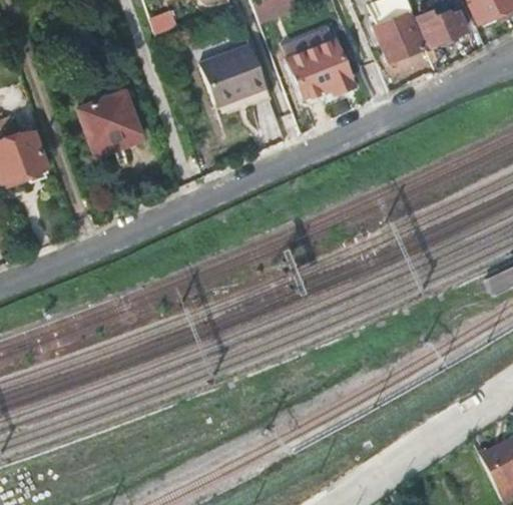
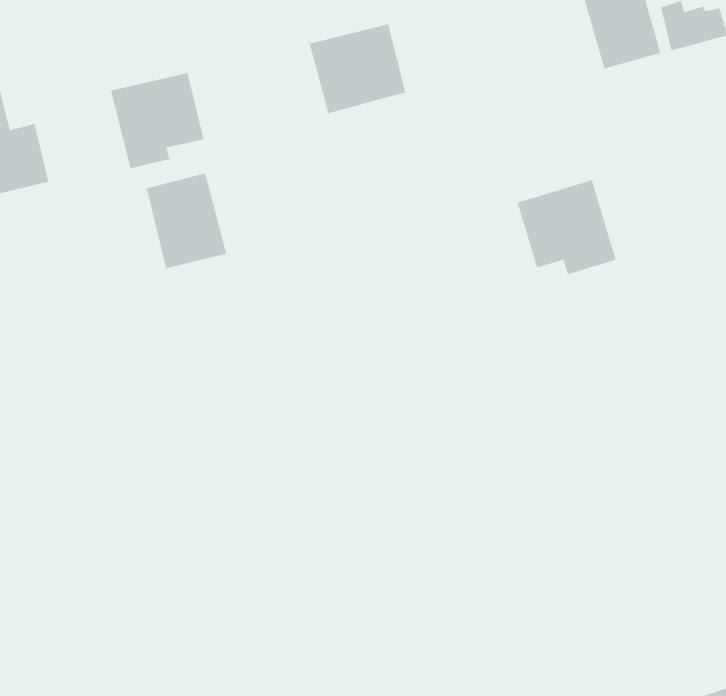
building: [289,39,356,101] -> [517,179,617,275]
building: none -> [146,172,227,269]

